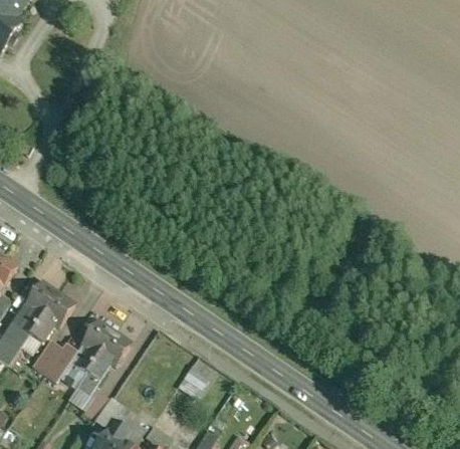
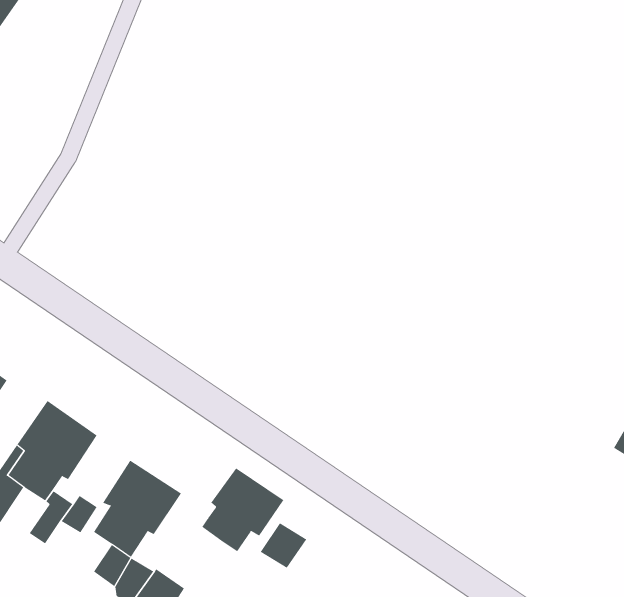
building: none -> [202,467,284,552]

